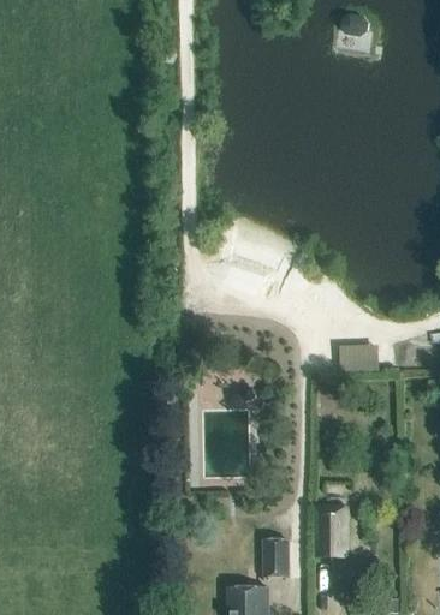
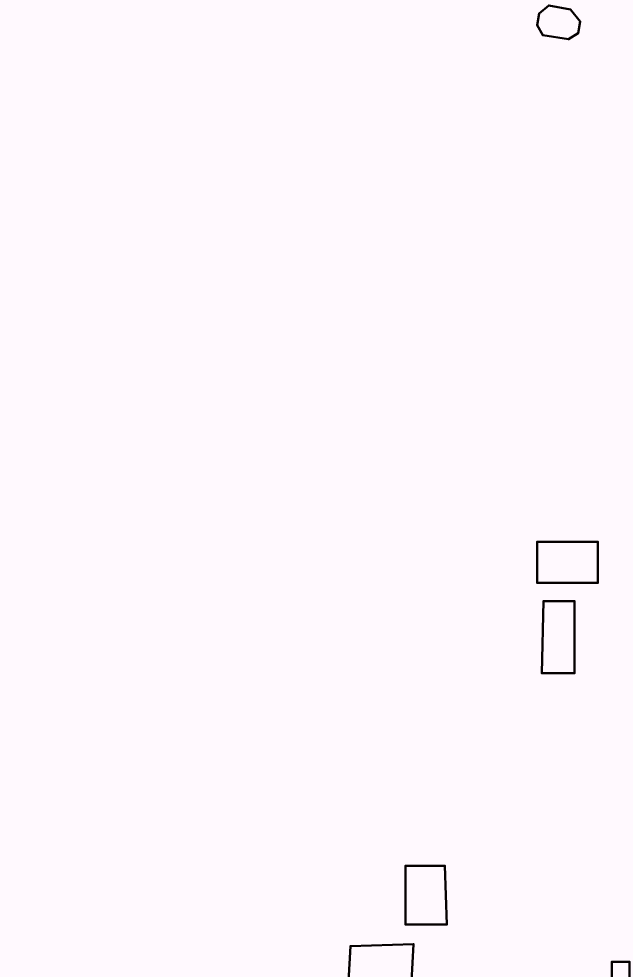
building: none -> [542,601,575,673]
building: [321,508,350,556] -> none

